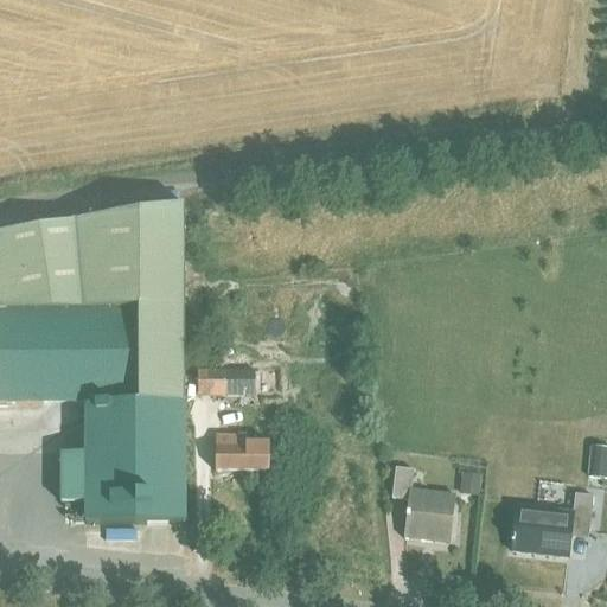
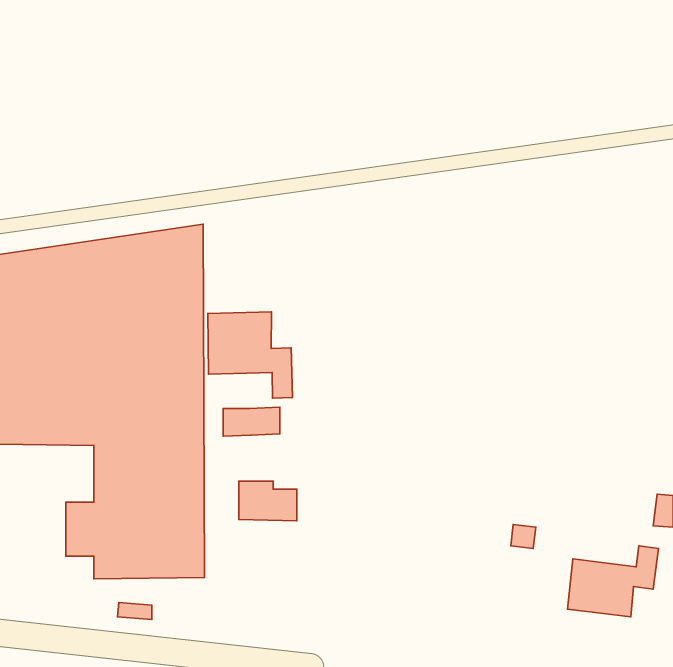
building: none -> [208,312,293,398]
building: [394,461,455,536] -> none

